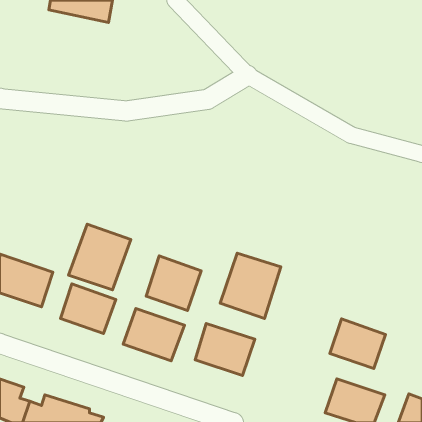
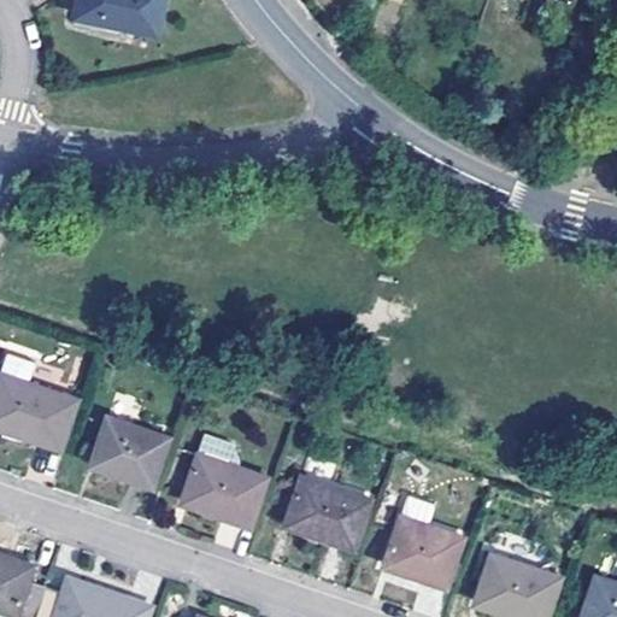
building: [69,224,131,290] -> none
building: [220,253,281,318] -> none
building: [146,256,201,310] -> none
building: [330,319,385,369] -> [383,515,464,587]

